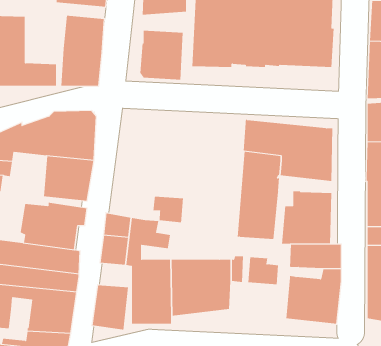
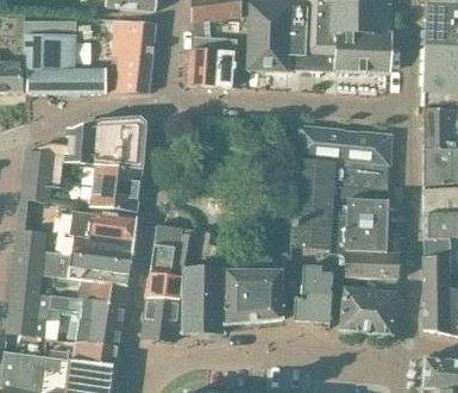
building: [153,196,184,223] -> none
building: none -> [148,273,182,298]
building: none -> [294,293,332,323]

